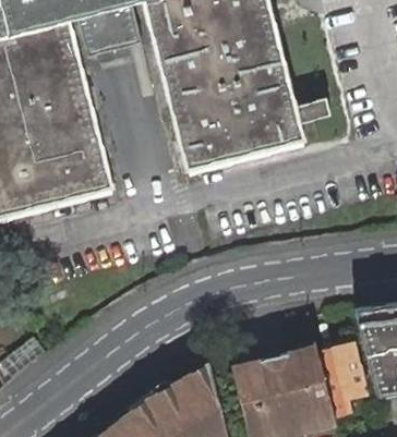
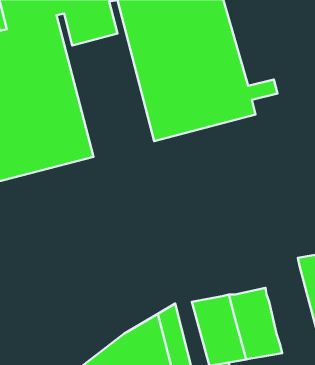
building: [318,342,365,412] -> none

